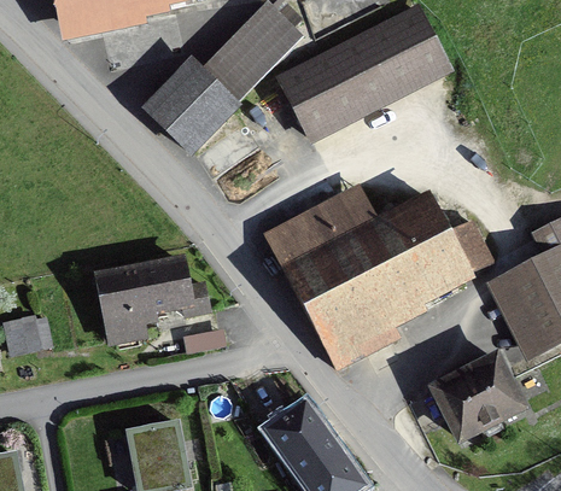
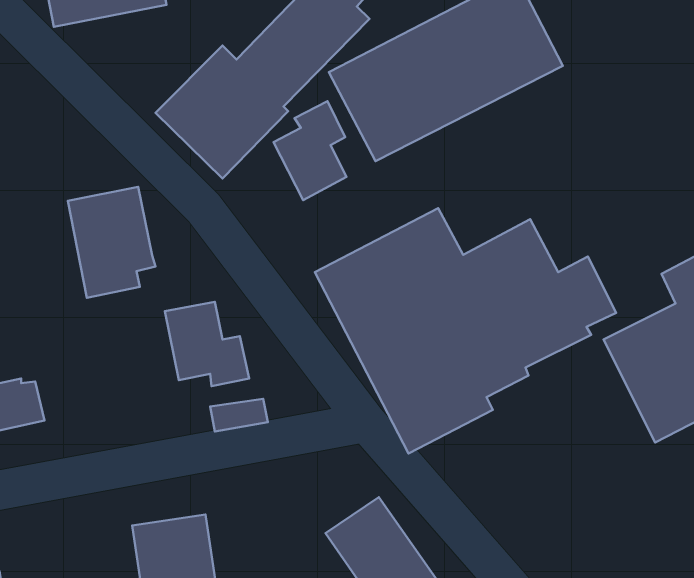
building: none -> [273,101,347,200]
building: [93,261,160,346] -> [68,187,155,298]
building: [427,350,530,446] -> none

